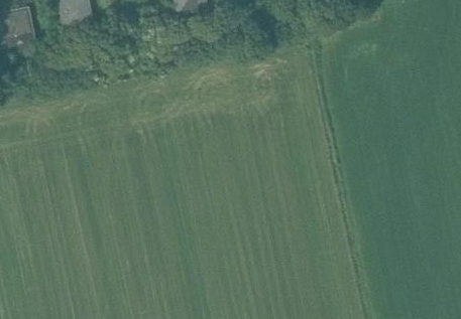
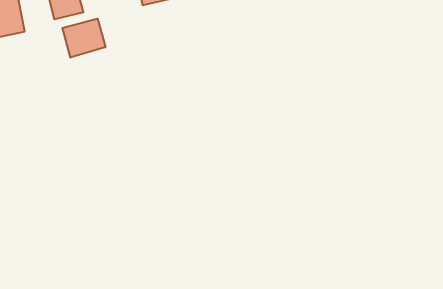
building: none -> [62,19,105,58]

